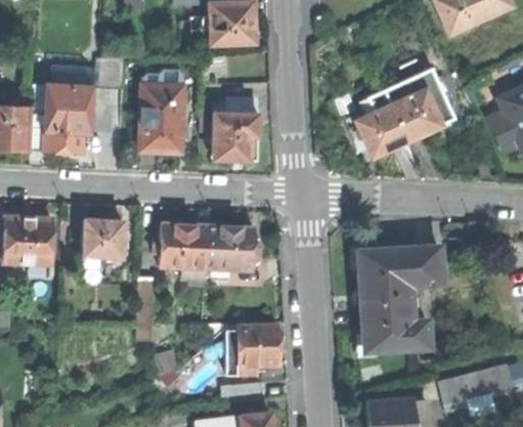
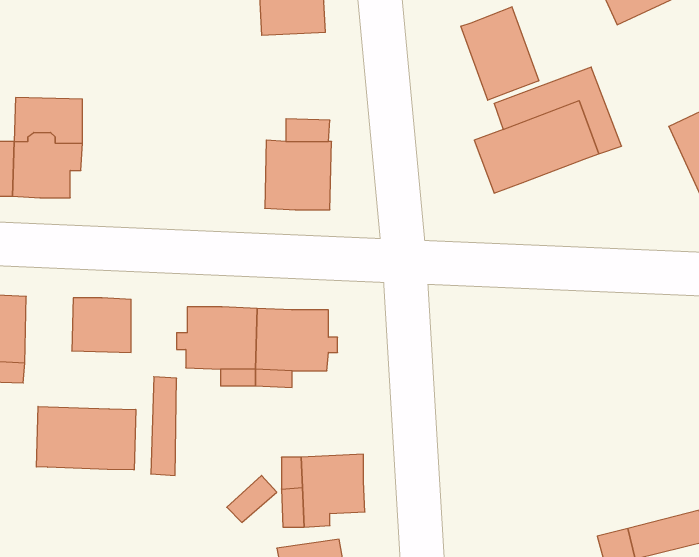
building: none -> [461,7,539,100]
building: [141,85,184,152] -> none
building: [358,246,442,348] -> none
building: none -> [36,406,136,470]

